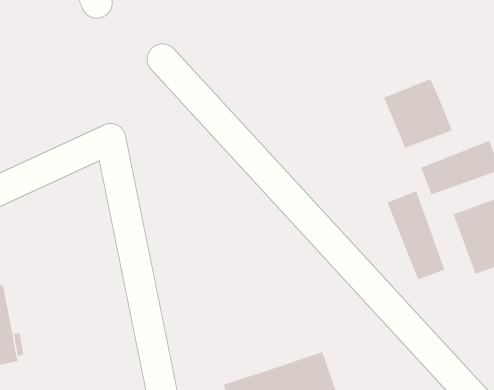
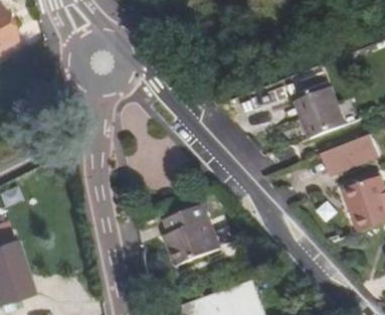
building: [387,191,445,280] -> none
building: none -> [164,209,221,270]

